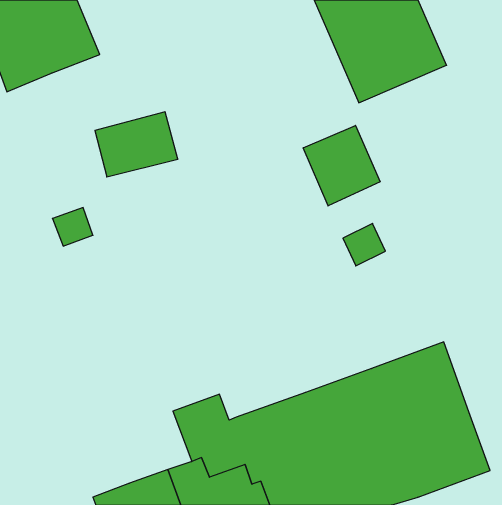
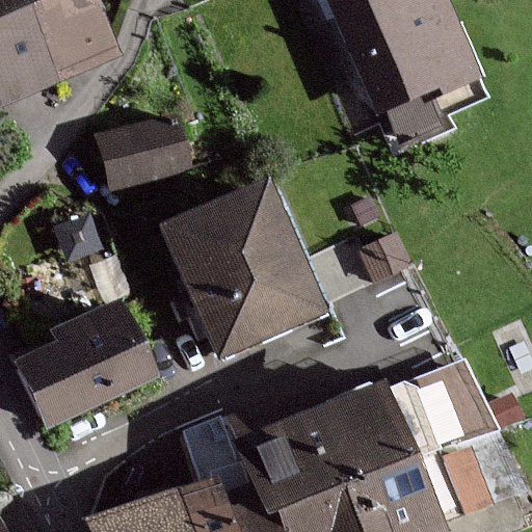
building: [303,125,380,206] -> none
building: none -> [168,183,324,353]
building: none -> [18,300,156,427]

